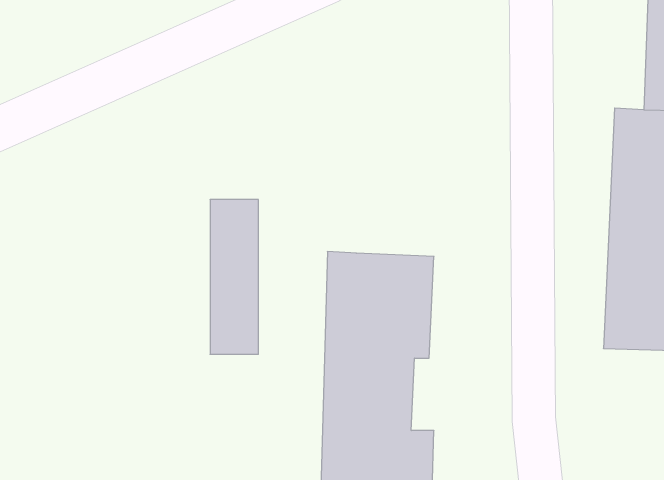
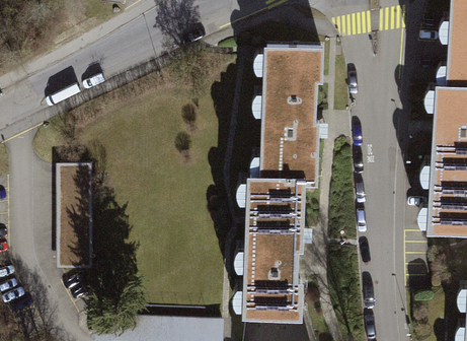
building: none -> [267,47,332,174]
building: [210,200,258,354] -> [62,167,92,265]

